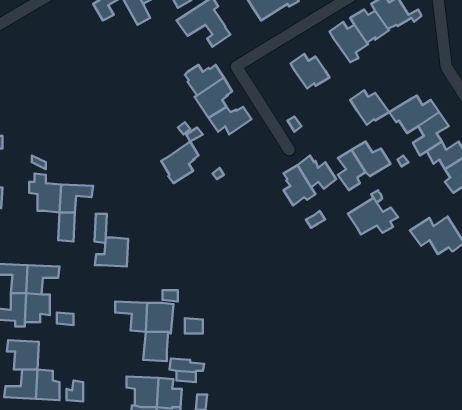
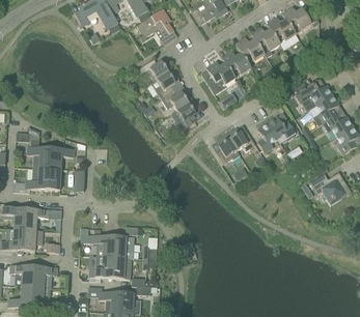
building: none -> [205,60,234,93]
building: [350,90,389,125] -> [234,36,264,62]
building: [161,141,199,183] -> [170,98,198,129]
building: [348,198,398,234] -> none
building: [95,237,128,267] -> [24,167,49,189]
building: none -> [88,256,113,278]
building: none -> [32,264,57,286]

